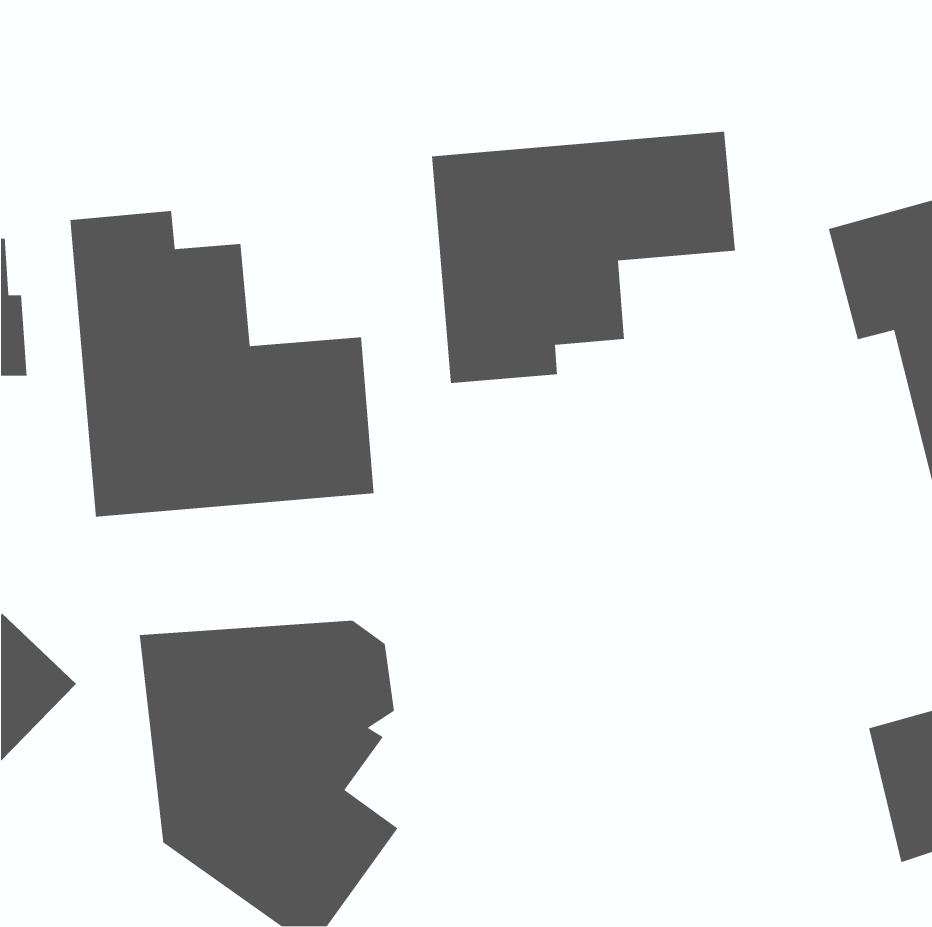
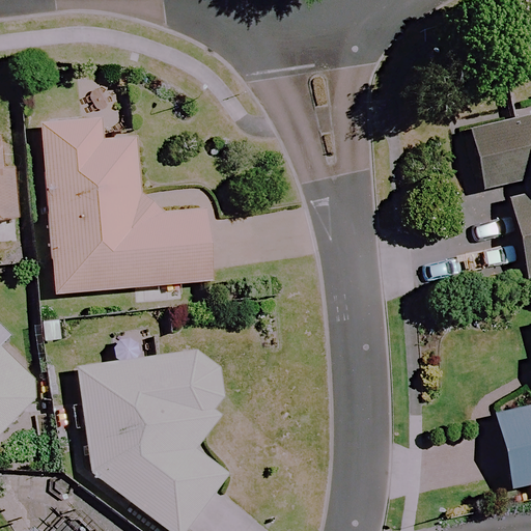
building: [431,131,736,384] -> none

